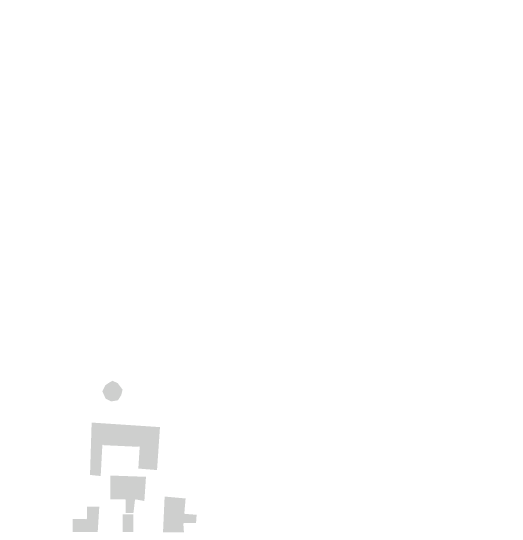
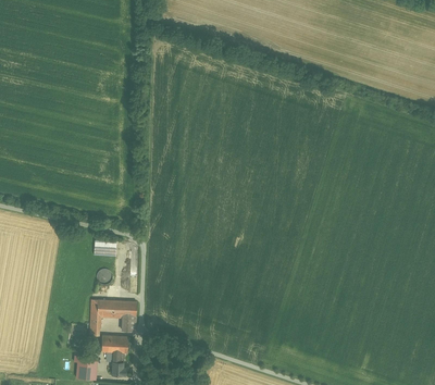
building: [163,496,197,533] -> none

